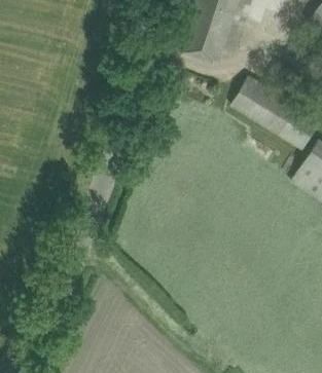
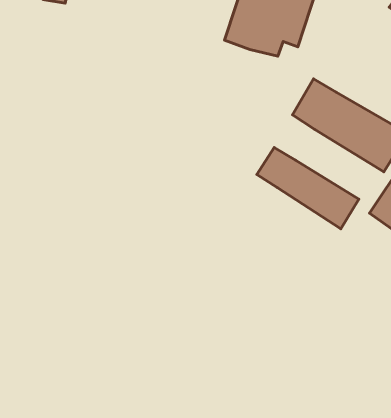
building: none -> [257,148,359,229]

